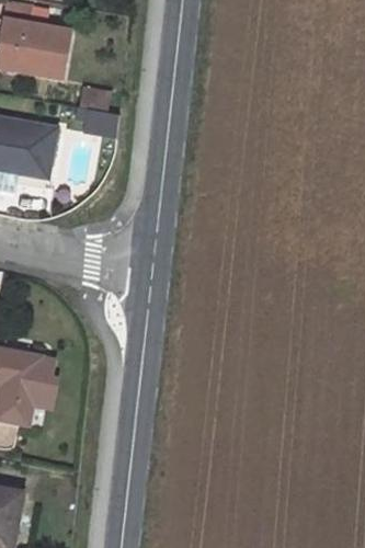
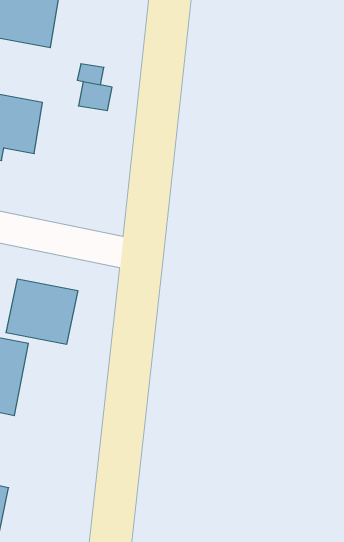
building: none -> [6,279,78,344]

